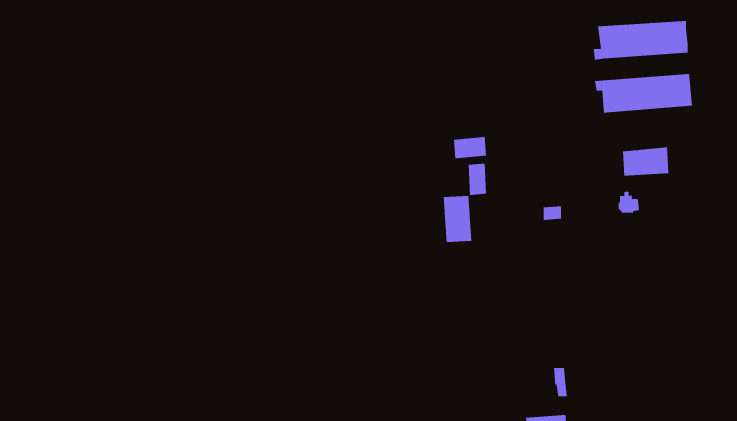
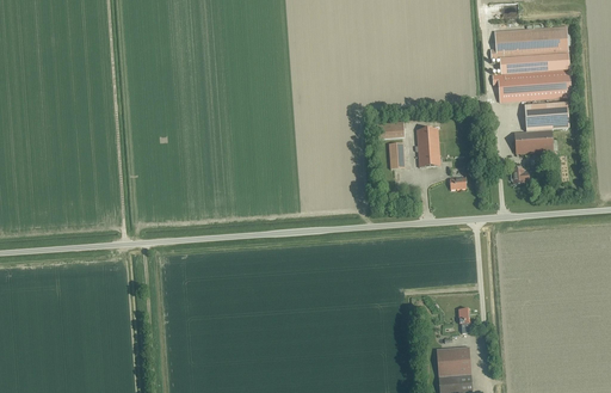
building: none -> [524,103,568,131]
building: [443,195,472,243] -> [416,128,440,166]

